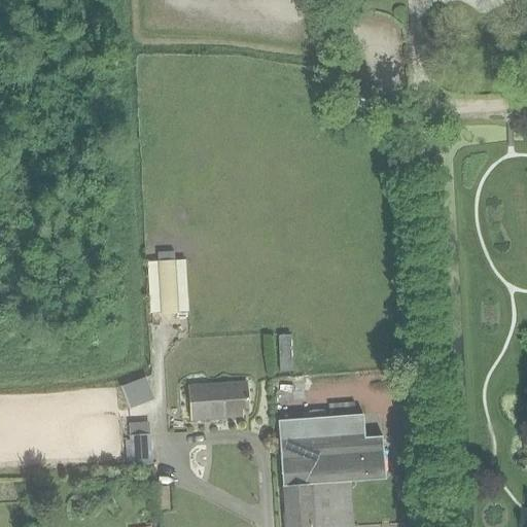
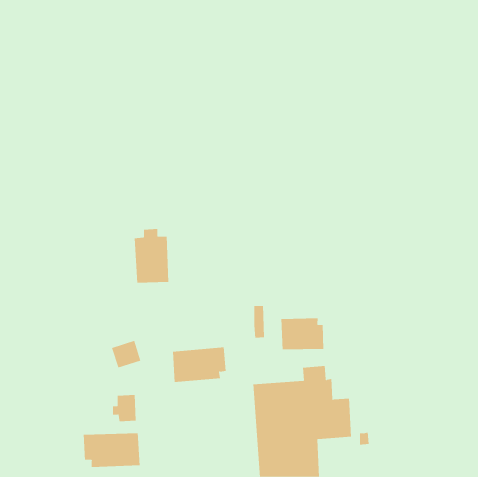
building: none -> [281,317,324,350]
building: none -> [83,433,140,468]

